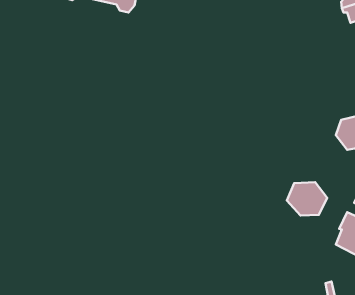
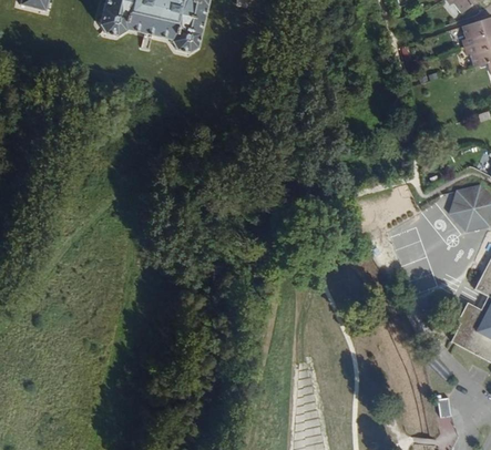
building: [287,182,327,216] -> none

